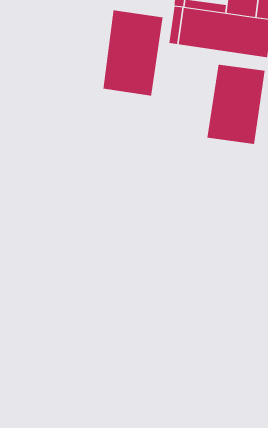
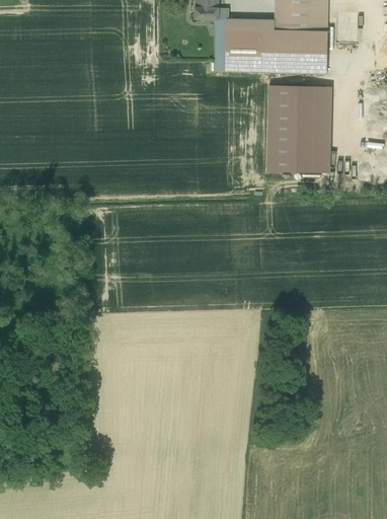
building: [103,9,163,96] -> none

